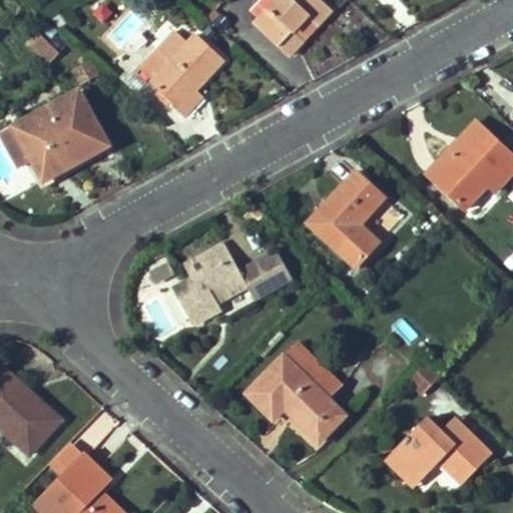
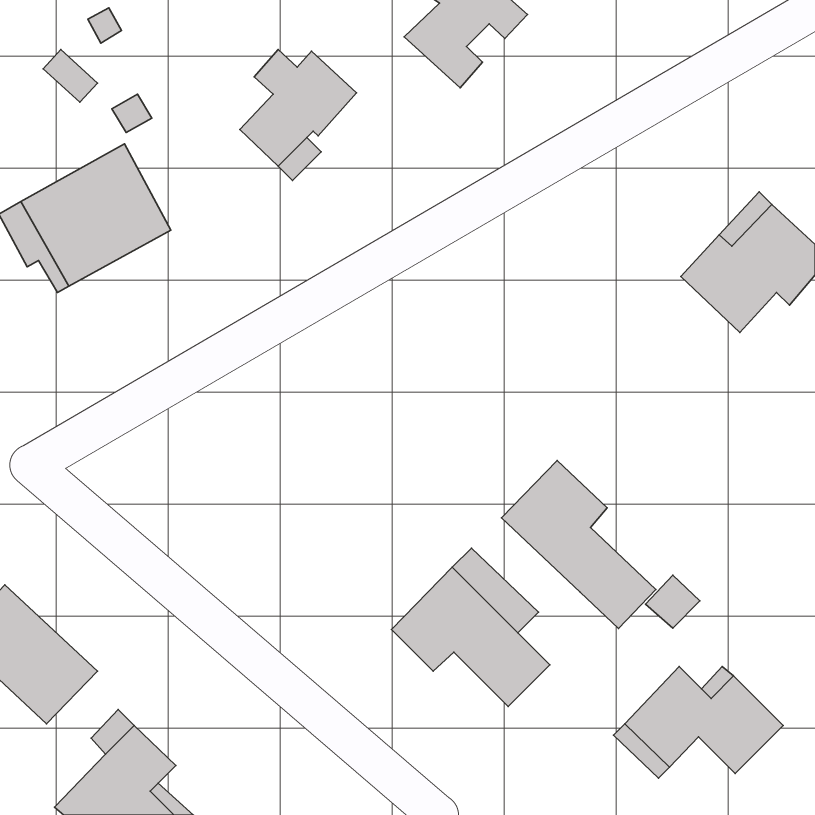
building: [305,171,383,265] -> none
building: [174,244,291,324] -> none
building: none -> [501,461,656,629]

